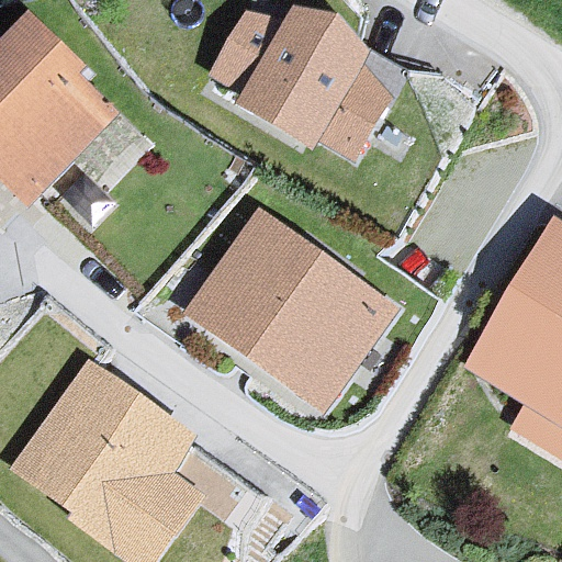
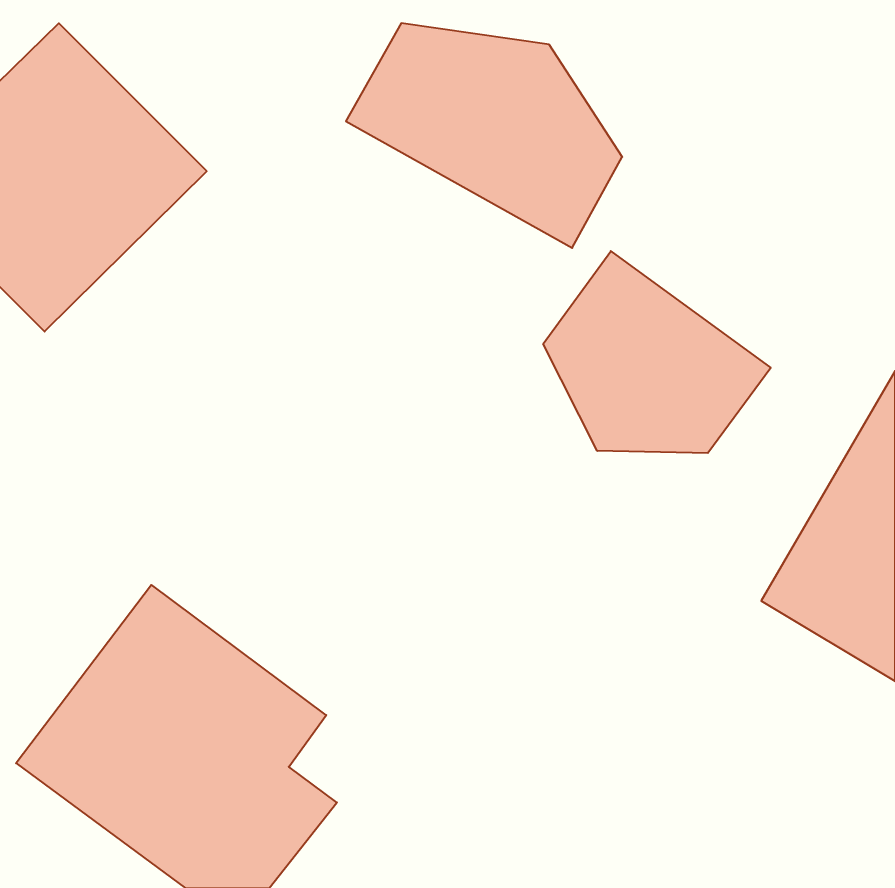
building: none -> [543,251,771,453]
building: [183,211,395,411] -> none

